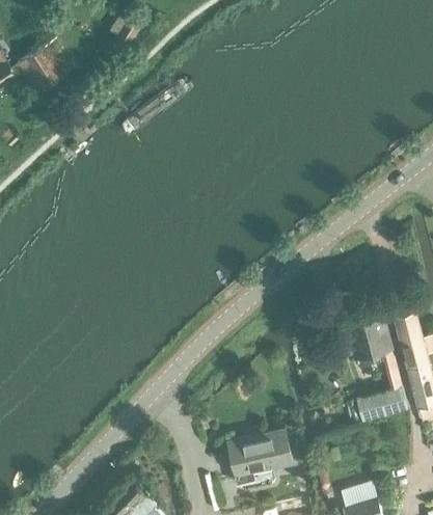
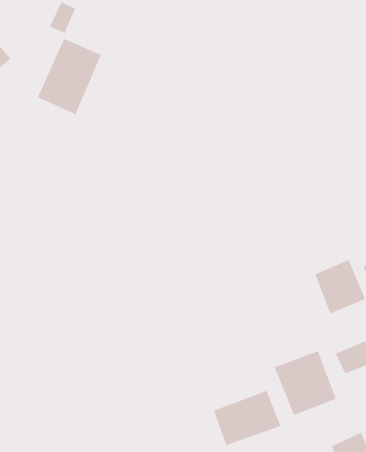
building: none -> [37,38,102,115]
building: none -> [274,350,337,416]

